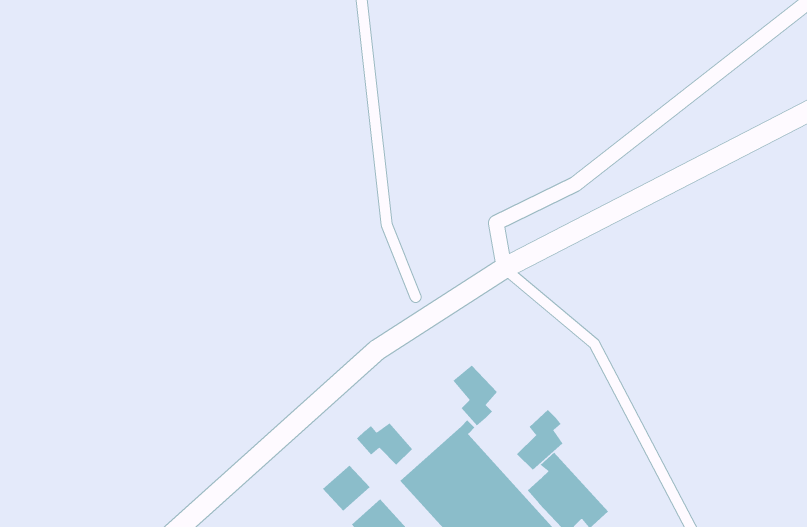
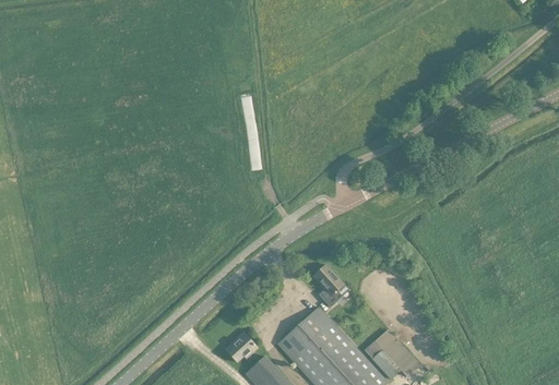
building: [516,409,563,471] -> none
building: [356,422,413,466] -> none

